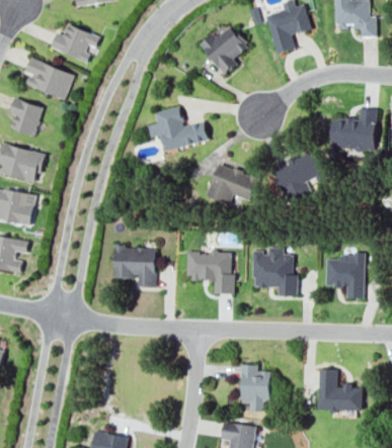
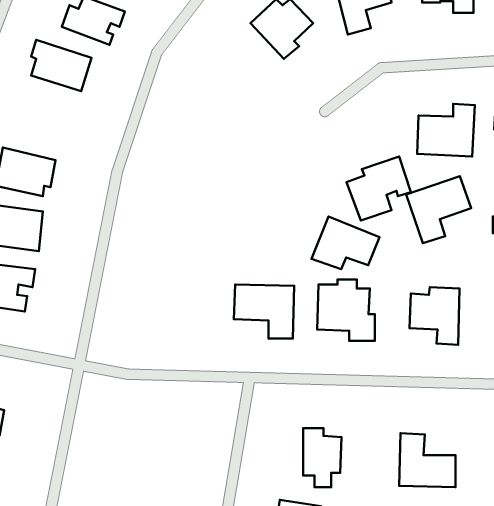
building: [9,99,42,137] -> none
building: [147,107,209,151] -> none
building: [205,163,258,204] -> [312,217,380,269]
building: none -> [406,176,471,243]
building: [113,247,156,288] -> none

